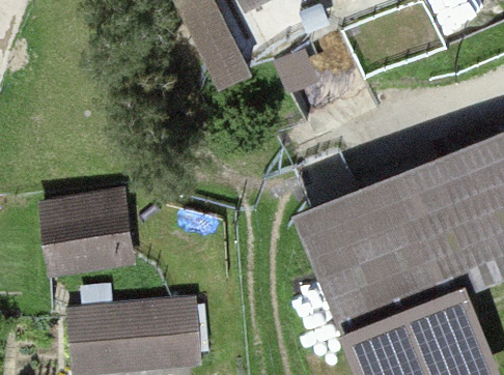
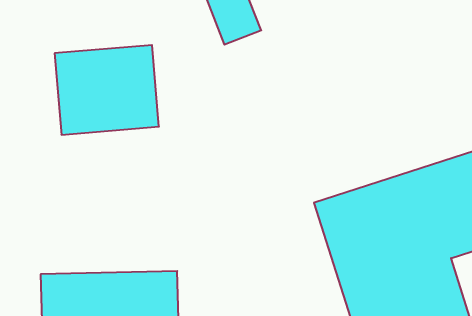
building: [34,190,135,278] -> [55,45,159,135]

